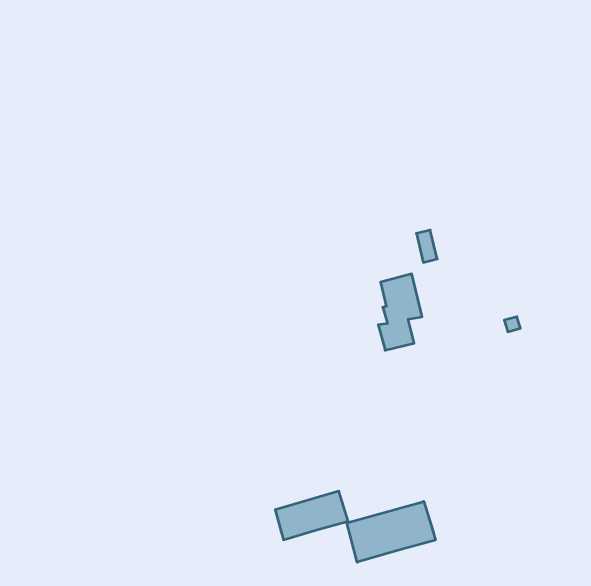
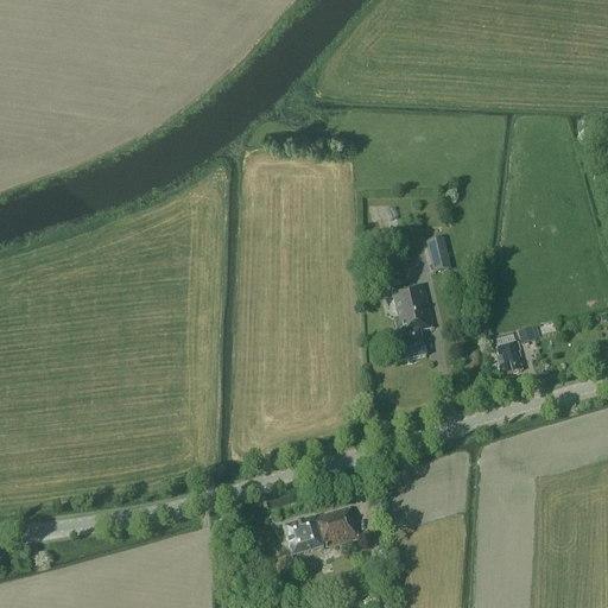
building: none -> [496,338,521,374]
building: [347,501,435,562] -> none

